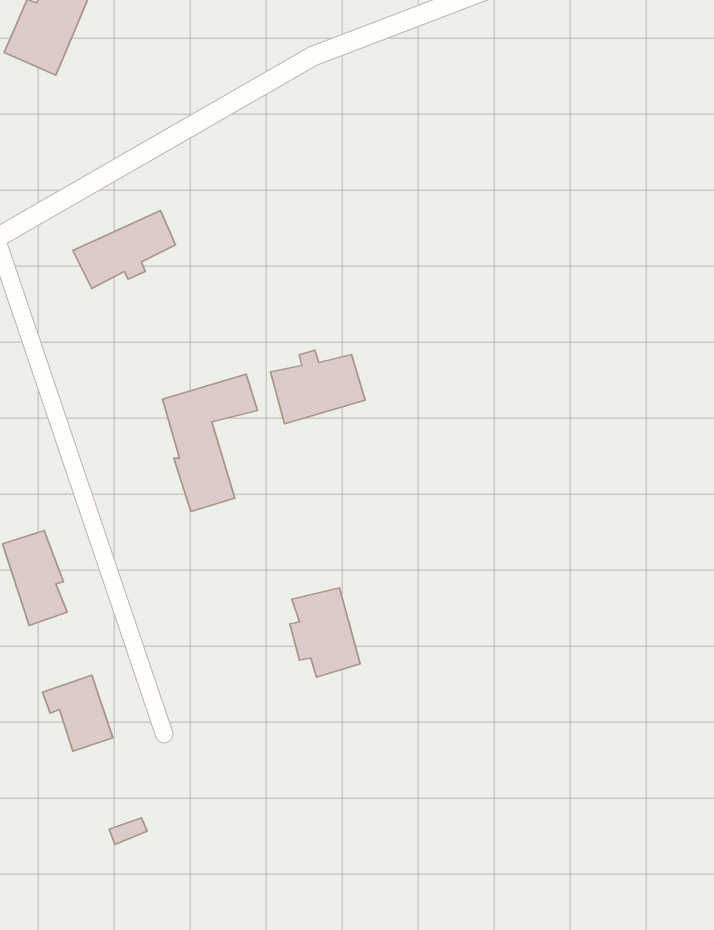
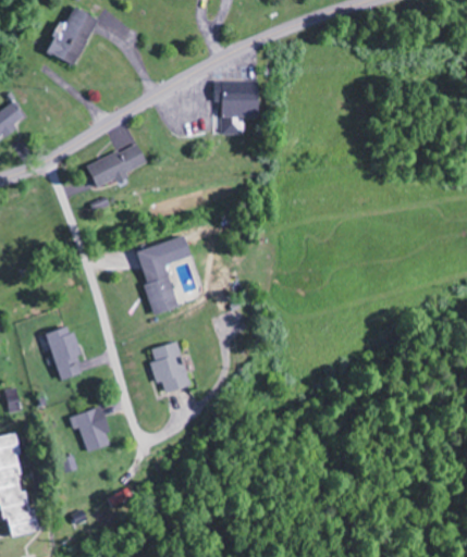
building: none -> [213,81,258,135]
building: [270,350,365,424] -> none
building: [290,588,360,677] -> [149,342,189,393]

